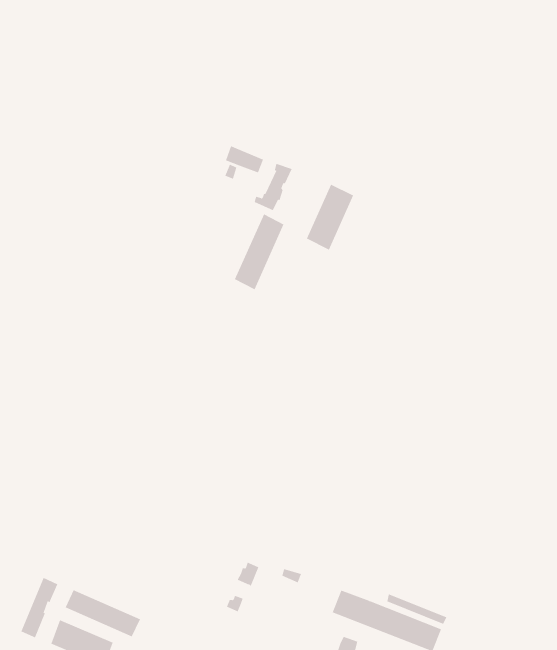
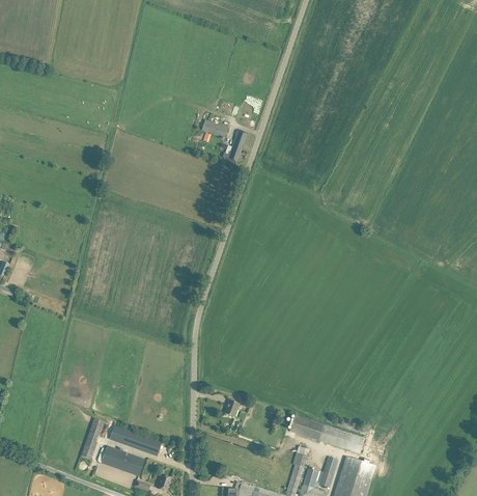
building: [306,184,354,250] -> none
building: [234,213,284,290] -> none

